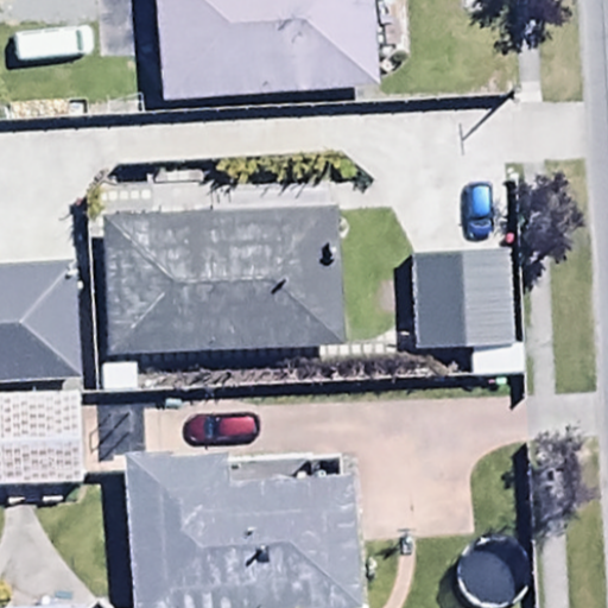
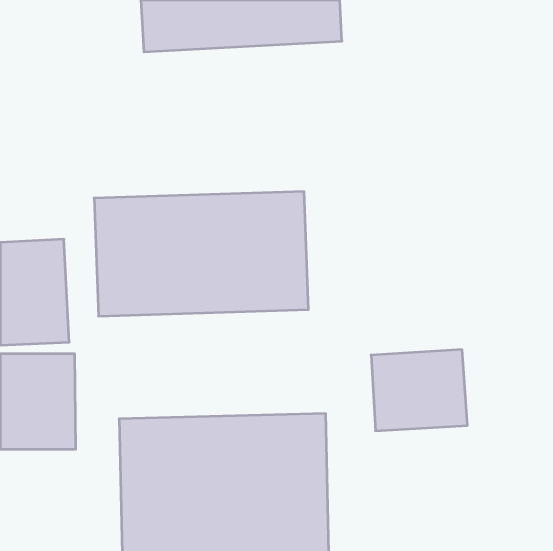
building: [408,256,514,346] -> [371,350,467,431]

